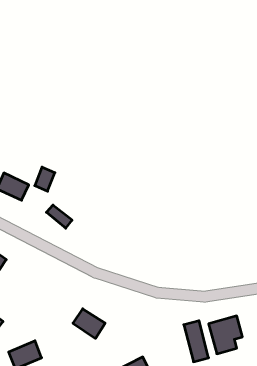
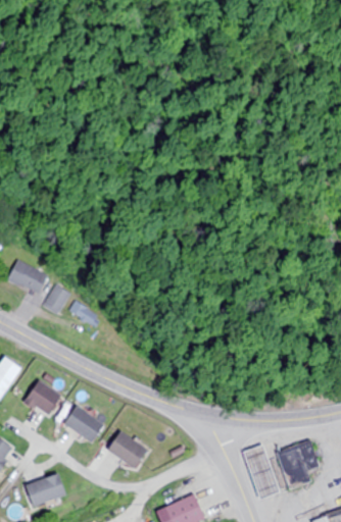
building: [35,167,55,191] -> [46,284,71,315]
building: none -> [23,380,61,417]
building: none -> [62,406,104,443]

